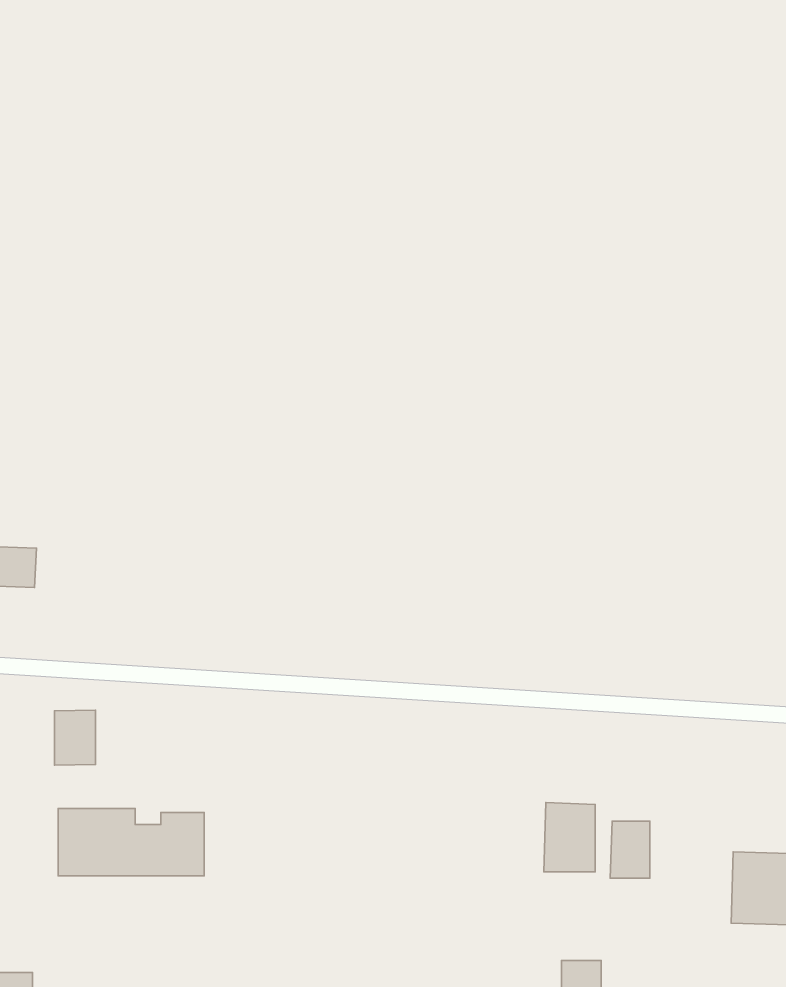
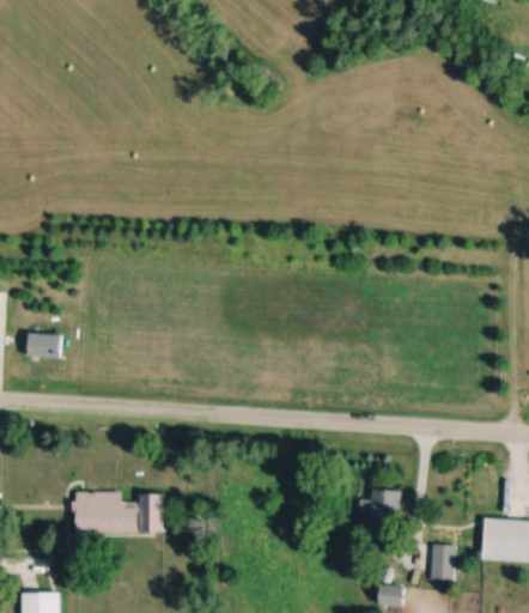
building: [55,710,95,765] -> none
building: [610,821,650,878] -> [430,545,454,579]

